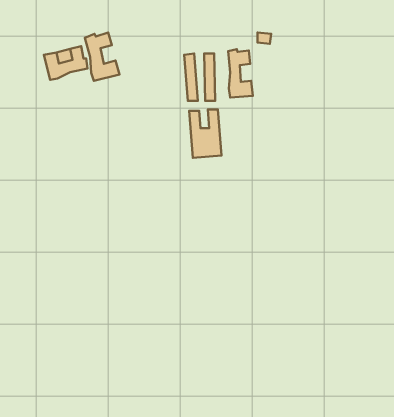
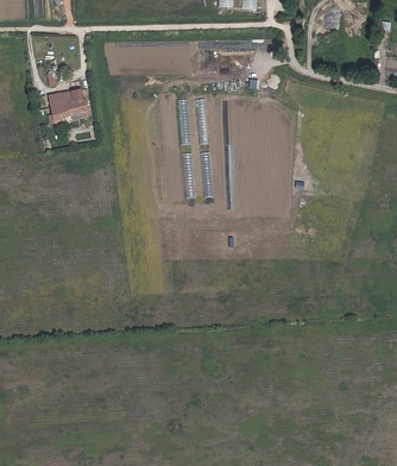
building: [85,33,119,81] -> none
building: [228,49,253,98] -> none

